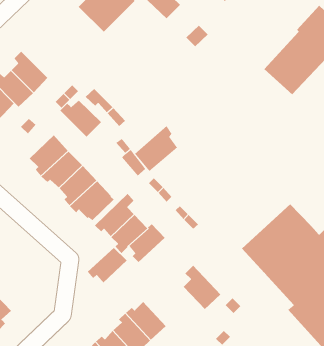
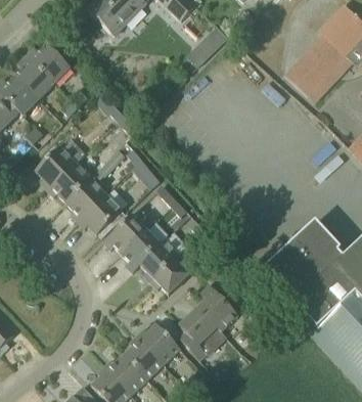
building: [60,100,102,137] -> [26,45,71,85]
building: [134,125,178,172] -> none
building: [87,247,127,283] -> [150,256,193,295]
building: none -> [177,308,227,361]

